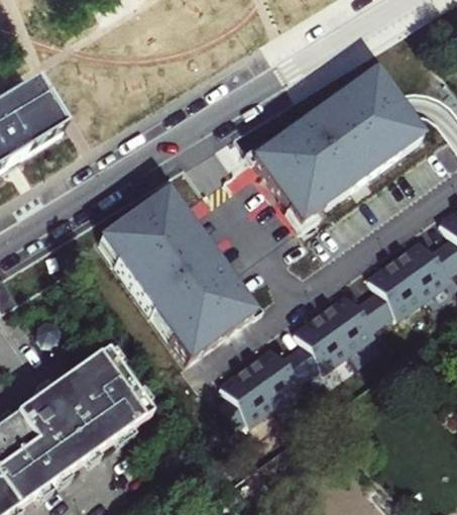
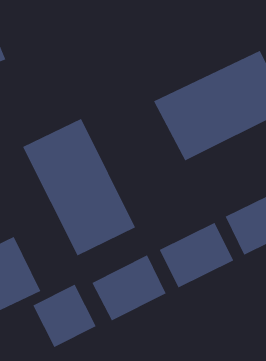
building: none -> [33,284,97,348]

